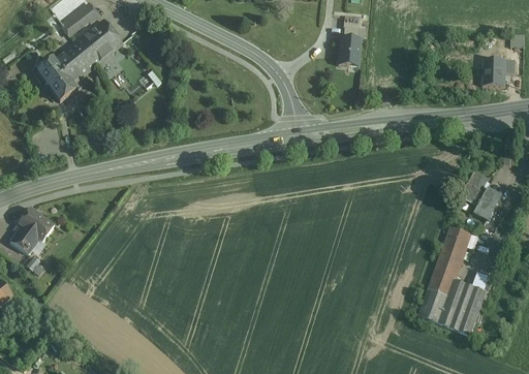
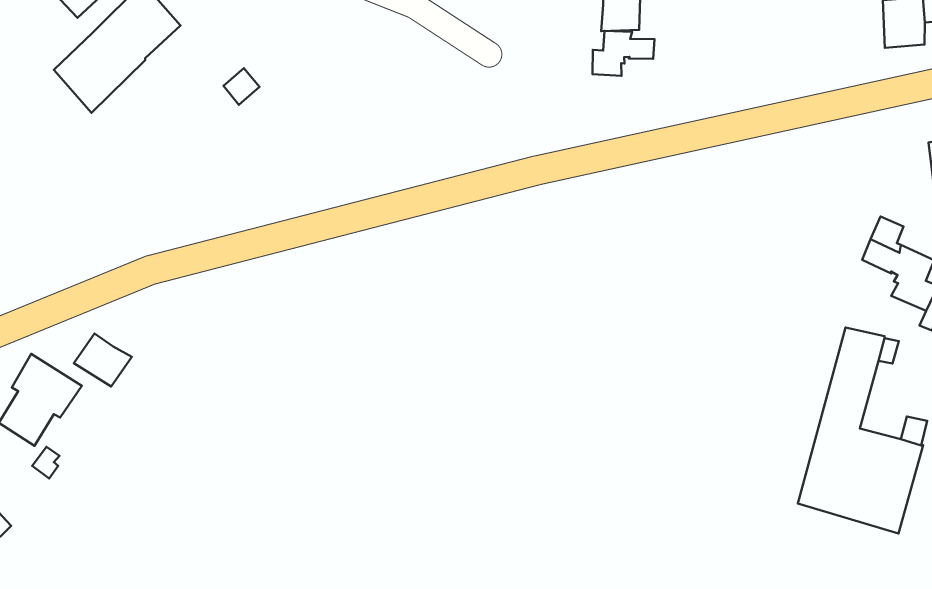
building: [35,57,74,100] -> none
building: none -> [593,31,655,76]
building: none -> [74,334,132,387]

